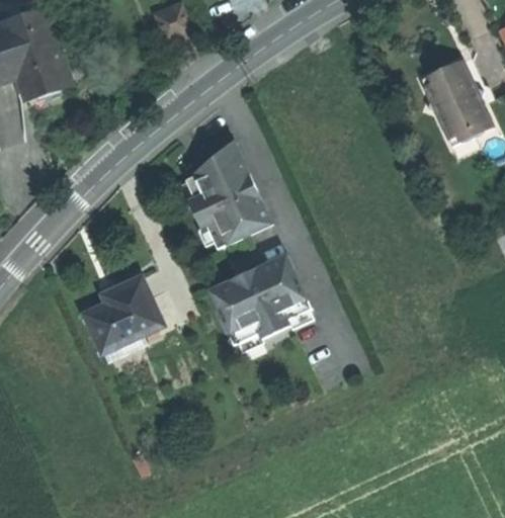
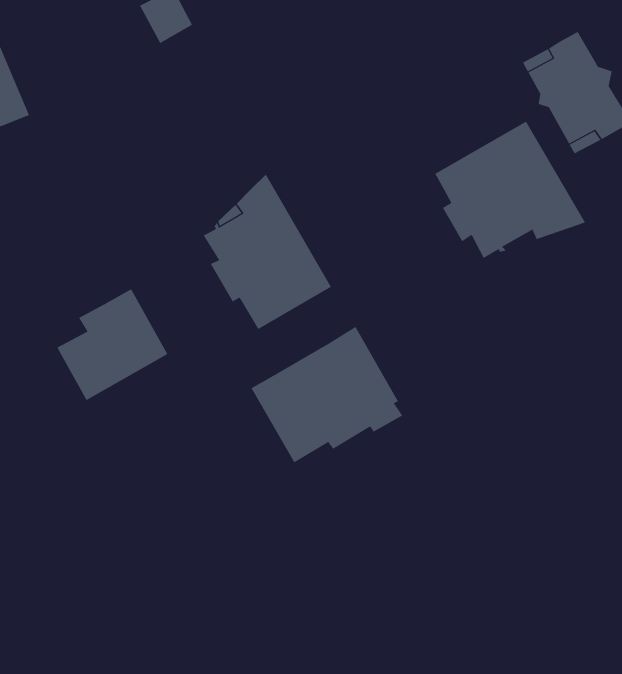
building: none -> [434,121,586,259]
building: [85,276,163,352] -> [56,288,168,401]

